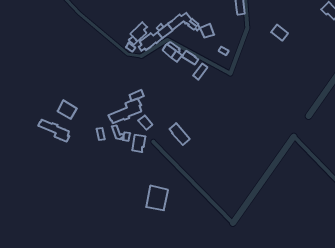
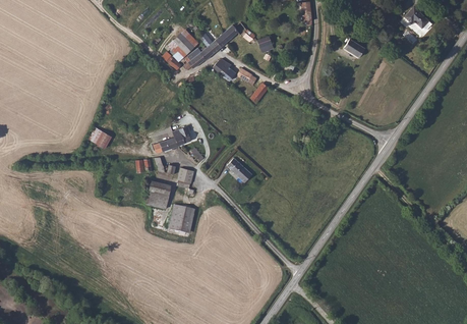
building: [38,120,69,142] -> none
building: none -> [144,180,170,209]
building: [146,186,168,210] -> [168,204,194,233]

